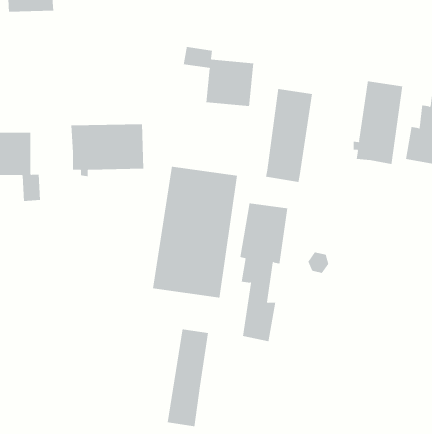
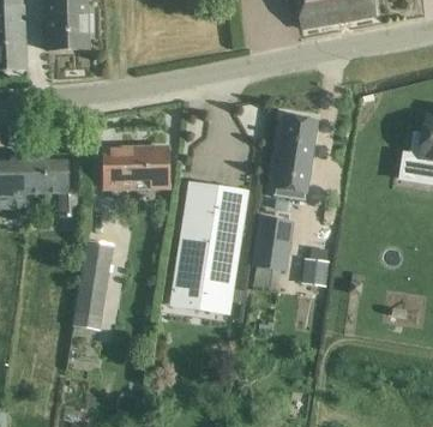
building: [183,46,254,107] -> none
building: [353,80,403,165] -> none
building: [167,329,209,427] -> [74,243,112,330]

